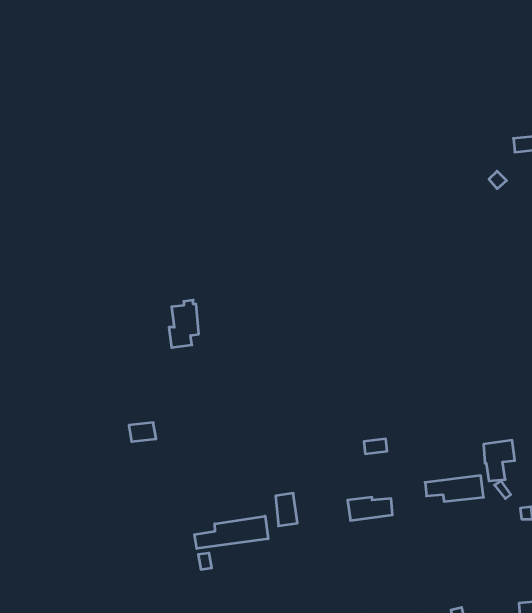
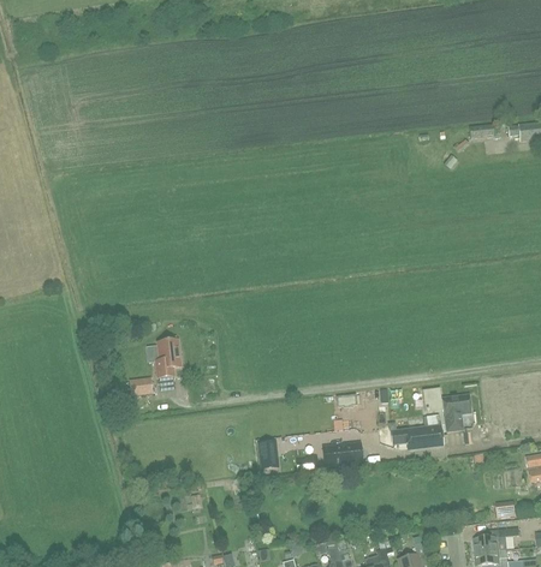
building: [169,300,199,348] -> [154,335,180,377]
building: [194,516,268,549] -> none

